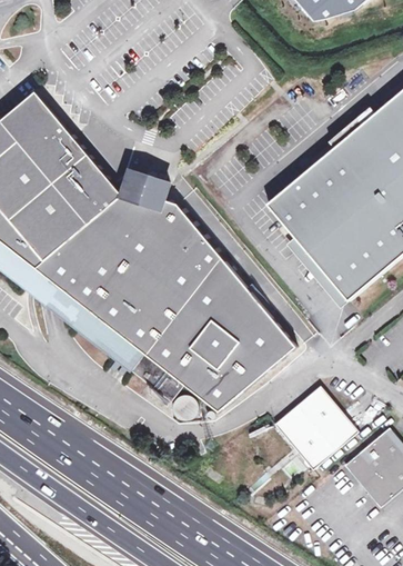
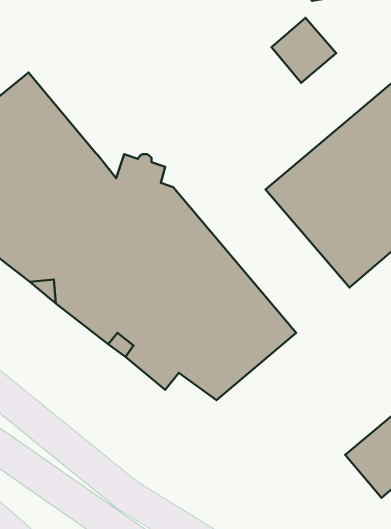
building: none -> [272,18,336,83]
building: [274,385,359,469] -> none

